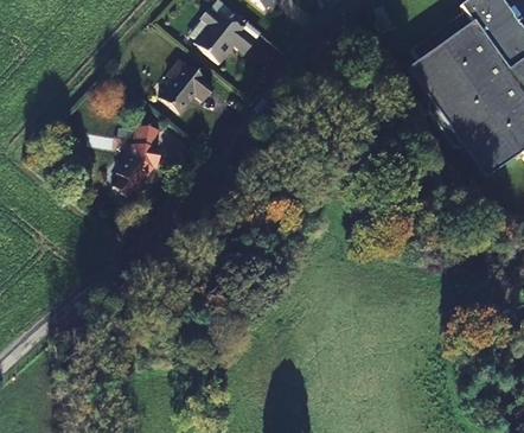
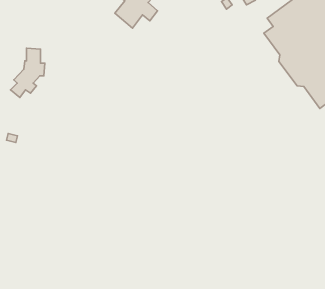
building: [158,58,213,112] -> none
building: [115,123,164,193] -> [11,48,45,97]

